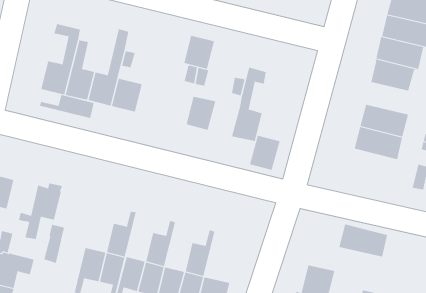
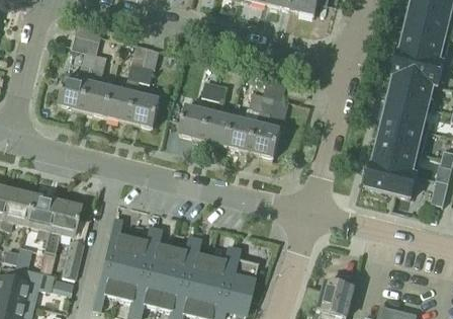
building: [183,35,215,69] -> [180,105,211,140]
building: none -> [384,97,428,130]
building: [39,94,94,119] -> none
building: [249,135,280,171] -> [226,116,258,152]
building: none -> [25,195,56,231]
building: none -> [103,218,131,268]
building: none -> [145,228,171,277]
building: none -> [183,238,210,288]
building: [339,224,389,257] -> [366,164,417,197]
building: none -> [222,247,257,299]

